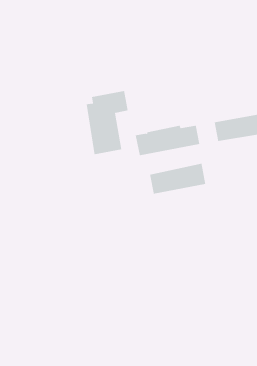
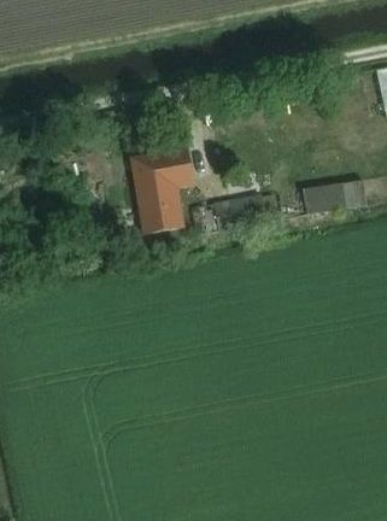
building: [150,163,206,195] -> none

